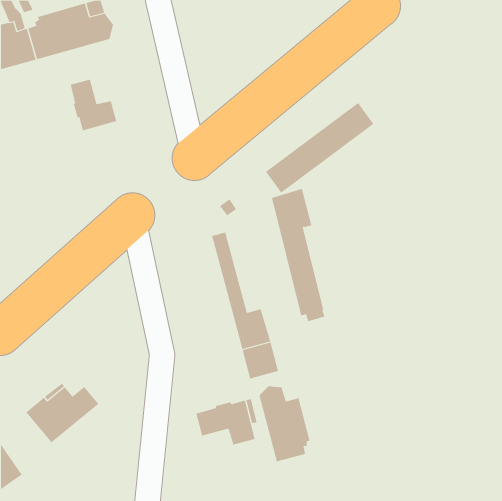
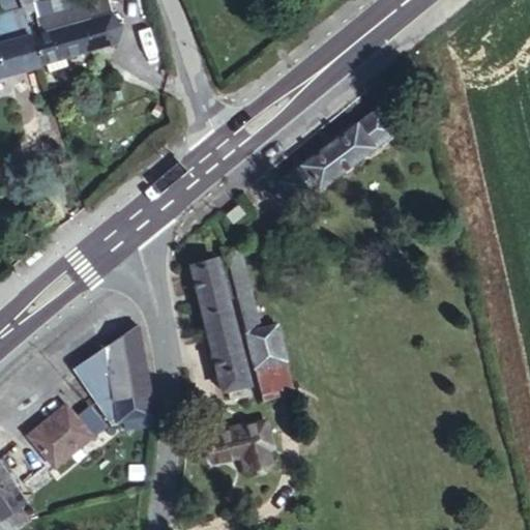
building: [70,79,117,131] -> none
building: [271,188,325,322] -> [192,257,248,398]
building: none -> [77,326,152,425]
building: [259,385,310,462] -> none

